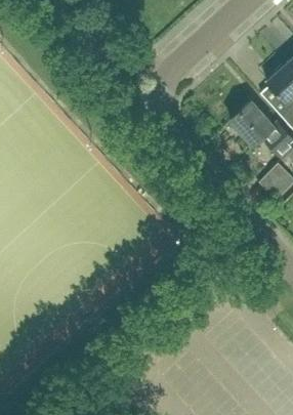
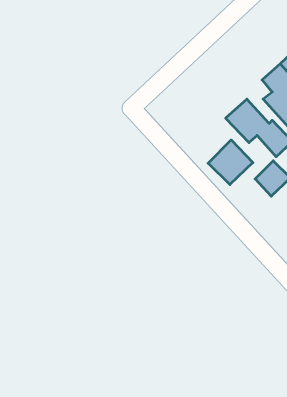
building: none -> [208,140,253,185]

